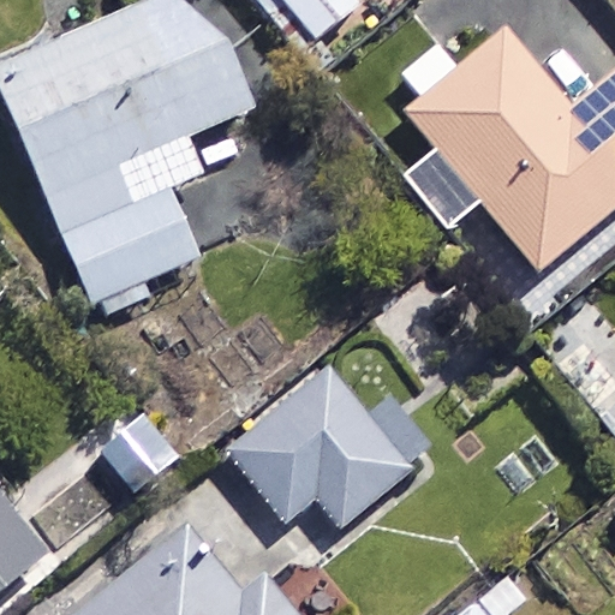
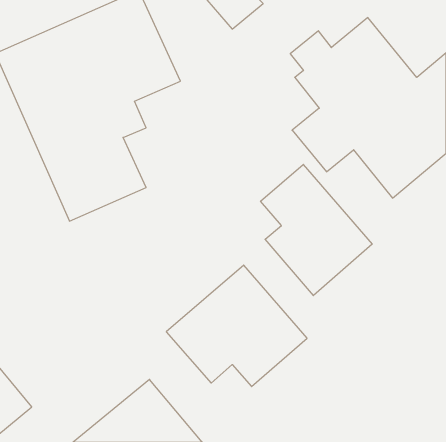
building: none -> [261,164,372,296]

